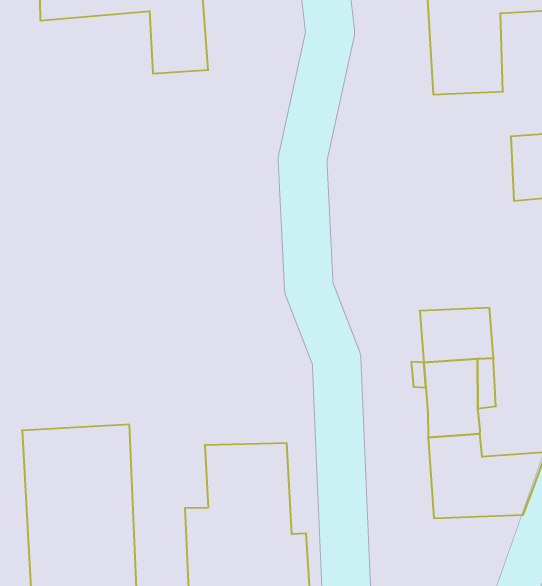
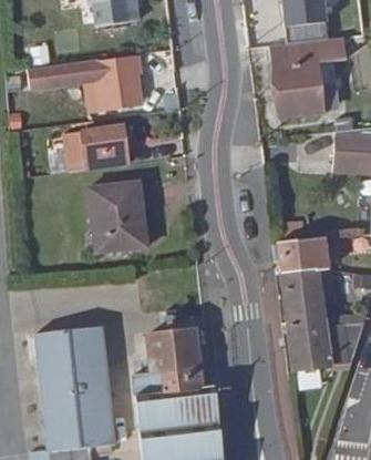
building: none -> [68,130,127,173]
building: none -> [89,185,150,255]

